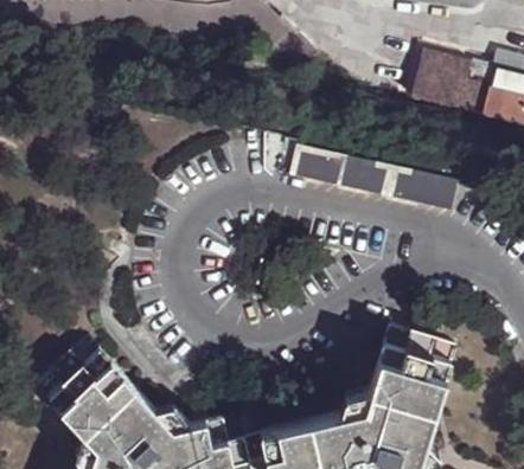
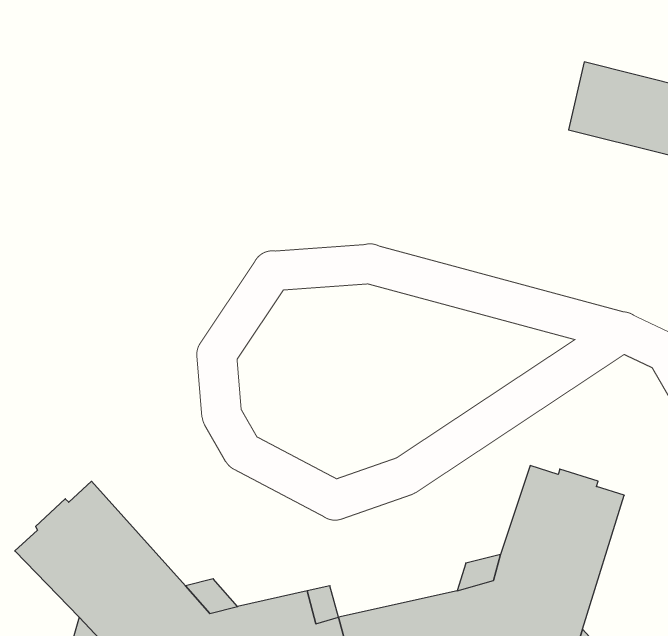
building: [290,146,459,213] -> none

